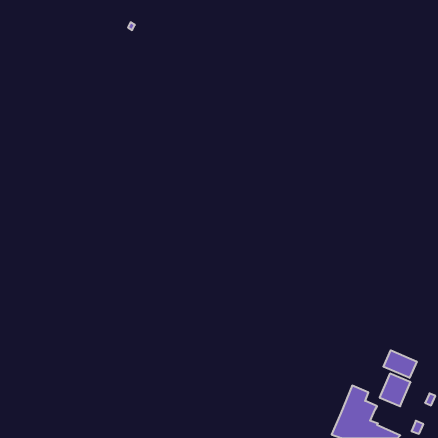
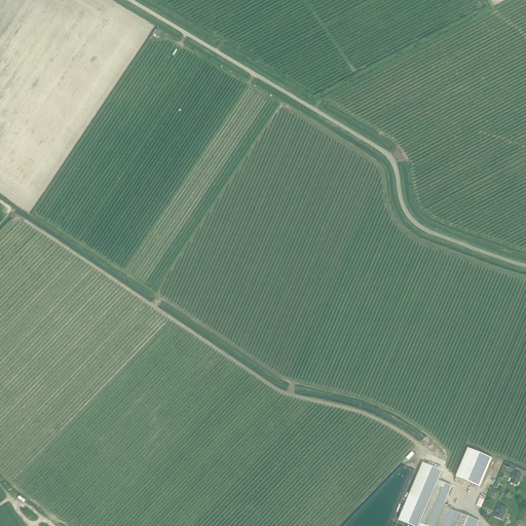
building: [383,350,417,378] -> none

